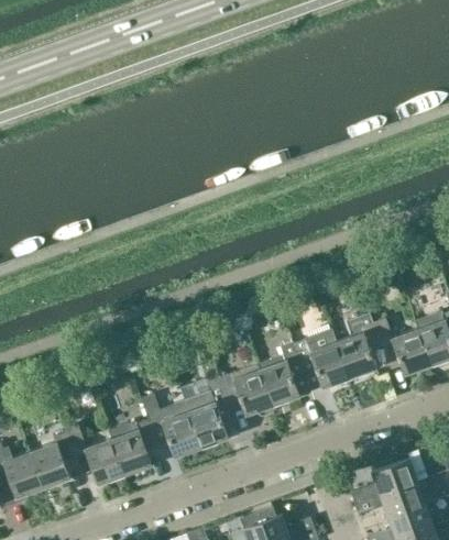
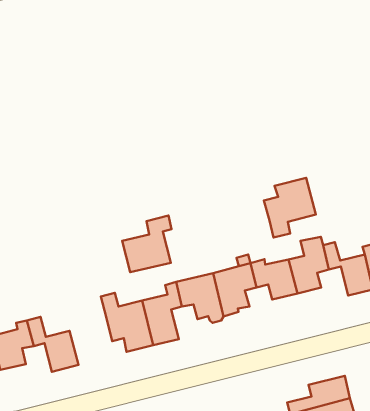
building: none -> [264,178,316,237]
building: none -> [122,216,171,272]
building: [108,420,157,474] -> none

